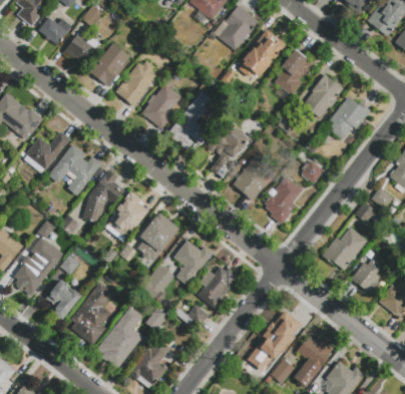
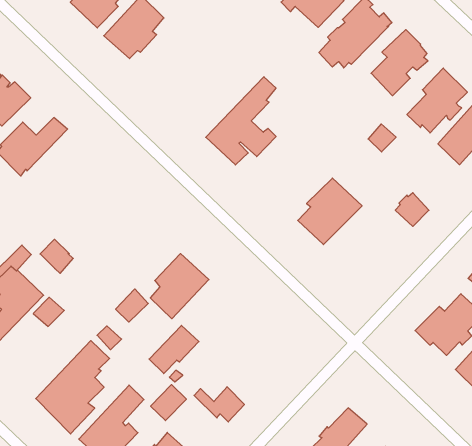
building: [115,60,155,107] -> none
building: [140,83,181,129] -> none
building: [207,119,250,179] -> none
building: [48,143,101,195] -> none
building: [82,169,124,222] -> none
building: [264,177,302,224] -> none
building: [108,196,152,233] -> none
building: [173,240,213,286] -> none
building: [196,266,240,308] -> none
building: [43,279,81,319] -> none

